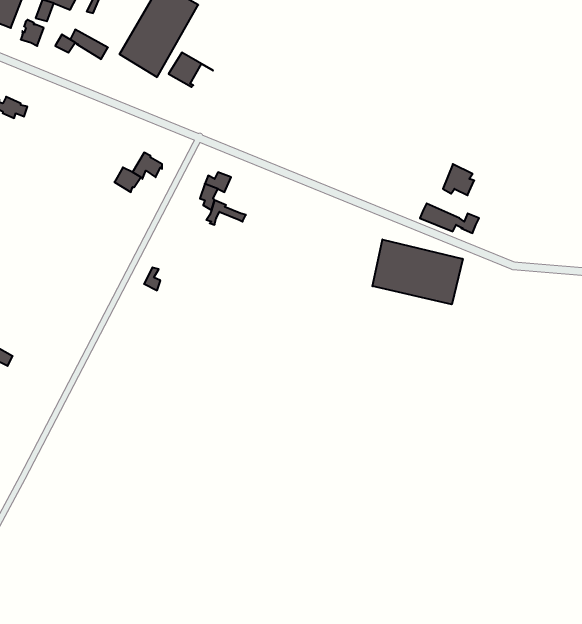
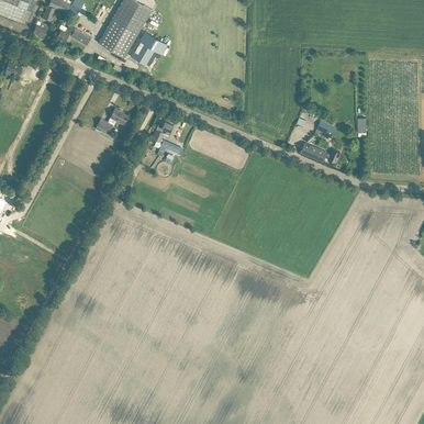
building: [372,239,463,304] -> none

